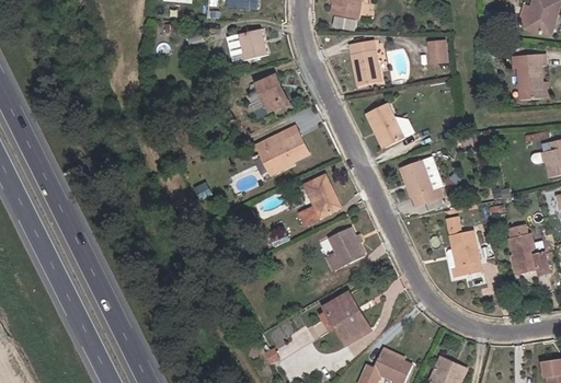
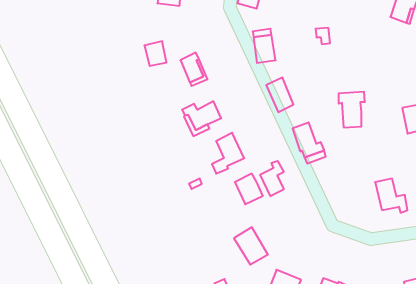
building: [236,28,264,60] -> [144,41,167,66]
building: [513,53,547,98] -> [339,92,365,127]
building: none -> [260,161,284,196]
building: [446,233,482,281] -> none

